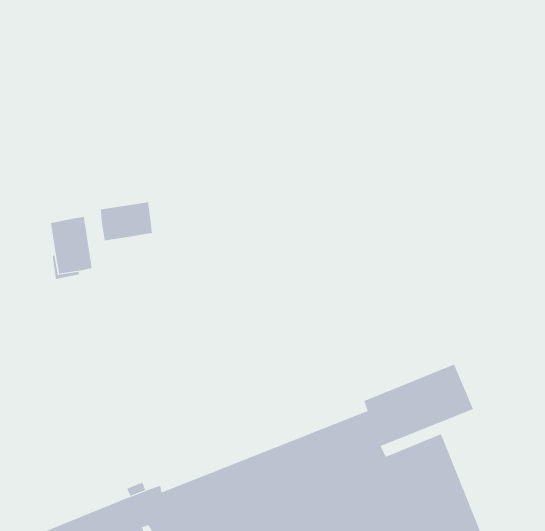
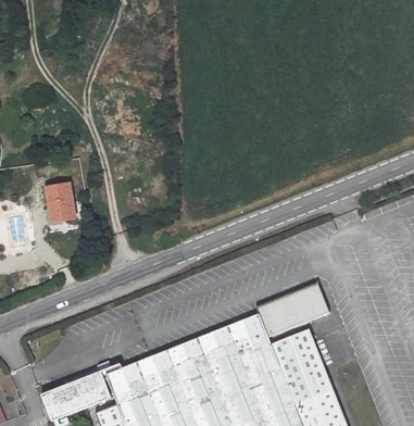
building: [100,201,152,241] -> none

